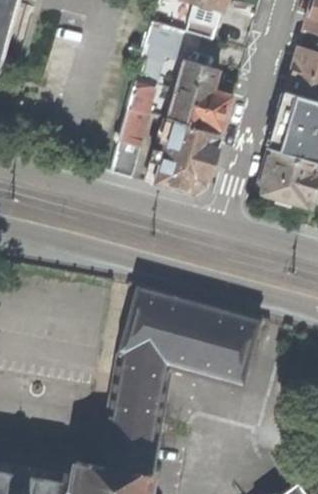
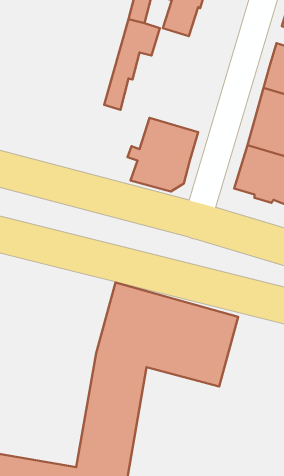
building: [169,61,234,135] -> none
building: [111,108,151,177] -> none

